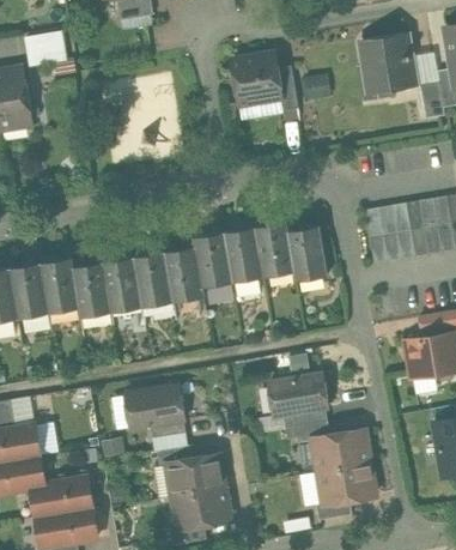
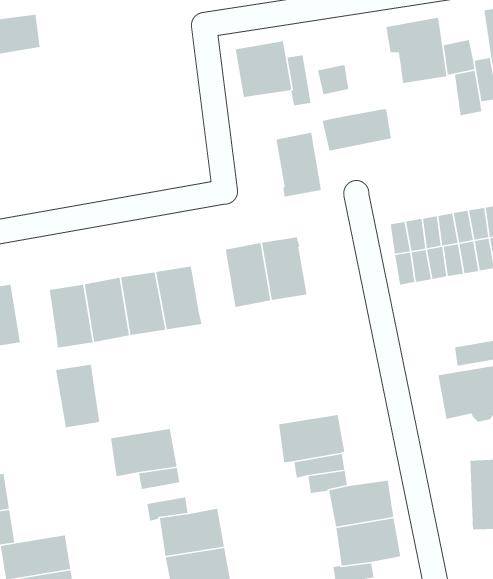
building: none -> [322,108,392,152]
building: [287,225,327,282] -> [276,132,322,198]
building: [193,232,232,288] -> none
building: [41,258,79,313] -> [55,364,100,428]

